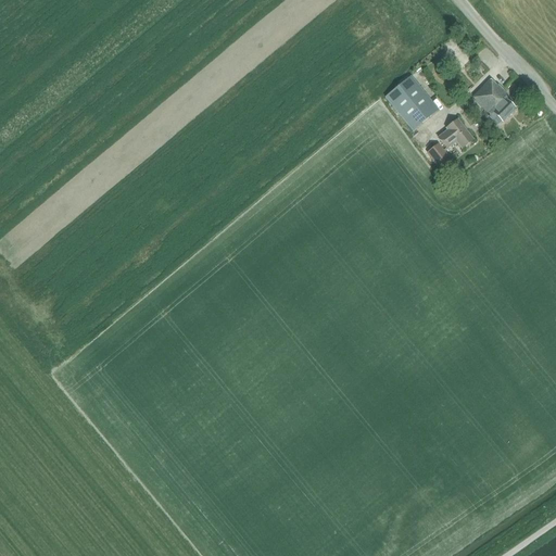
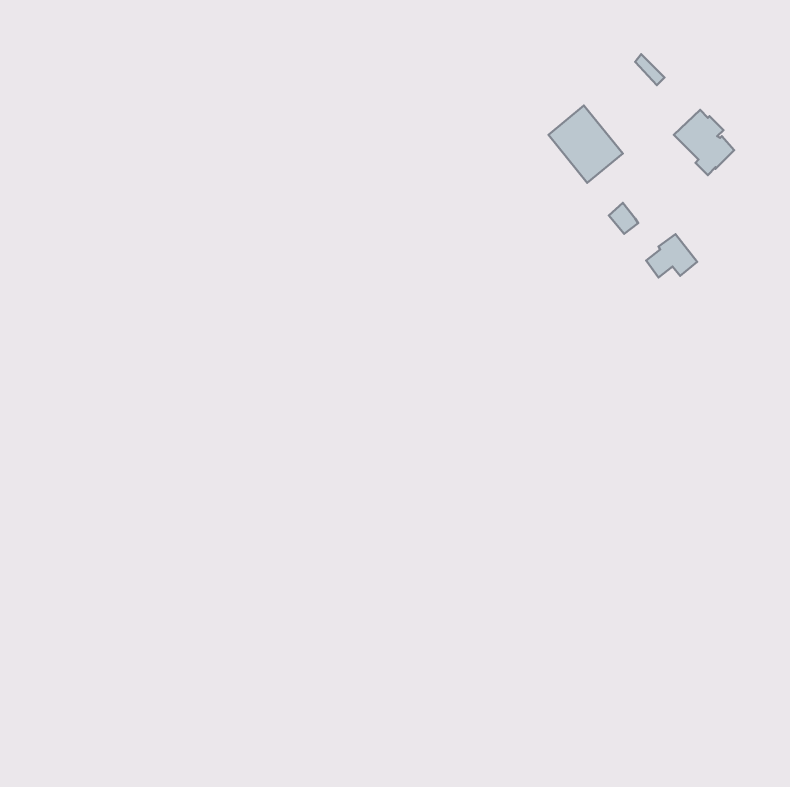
building: [438,116,473,147] -> [646,234,697,277]

